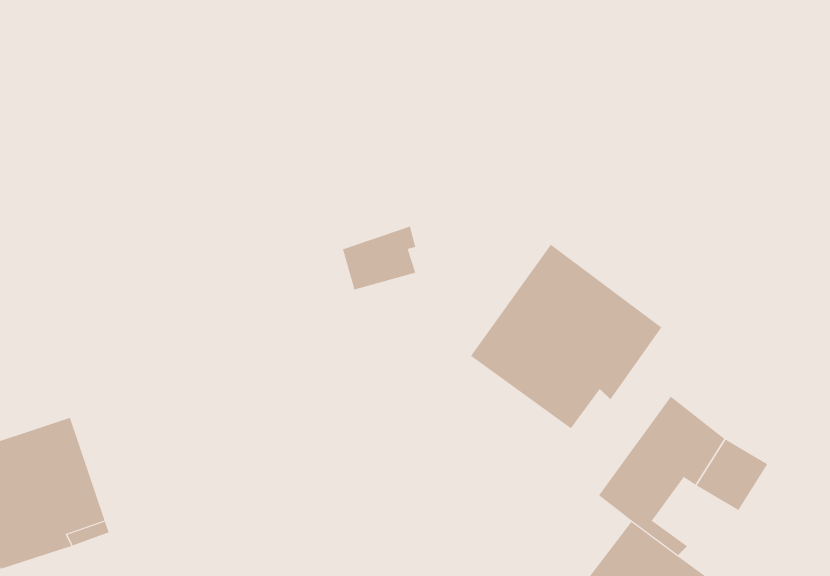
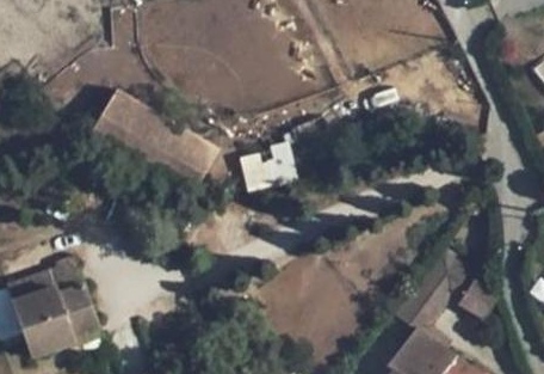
building: none -> [93,92,217,190]
building: [470,244,662,429] -> none

